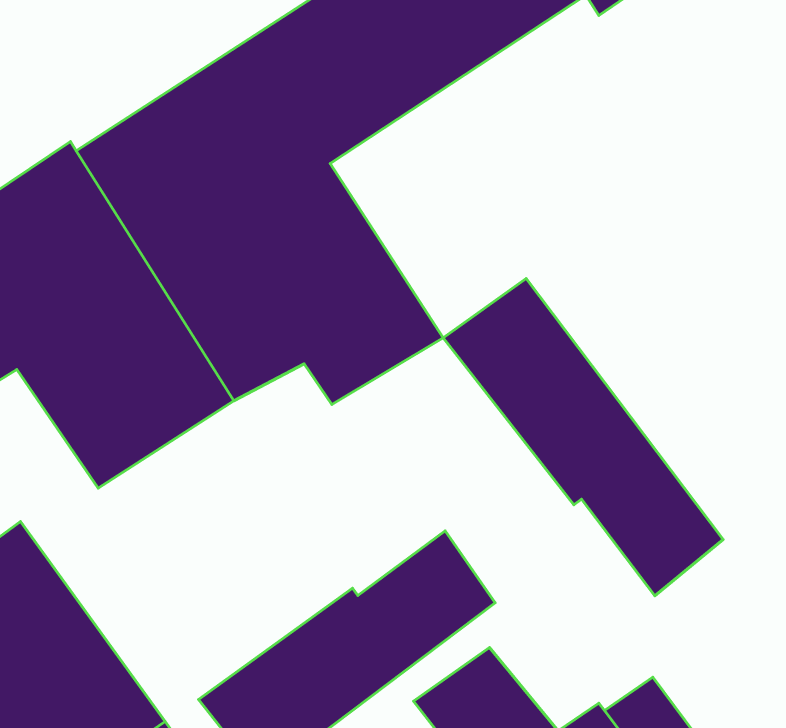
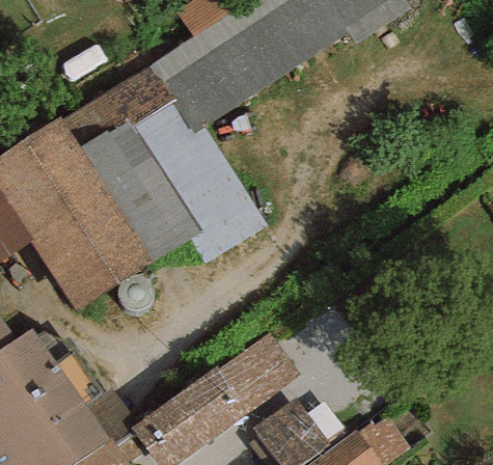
building: [443,279,723,596] -> none

